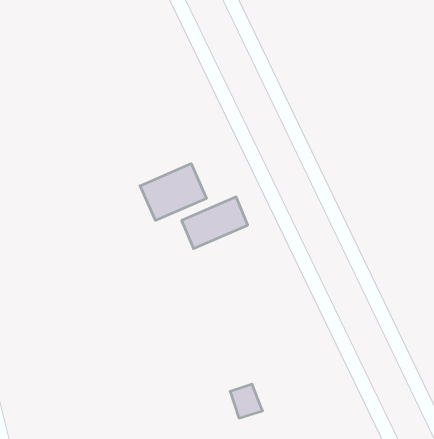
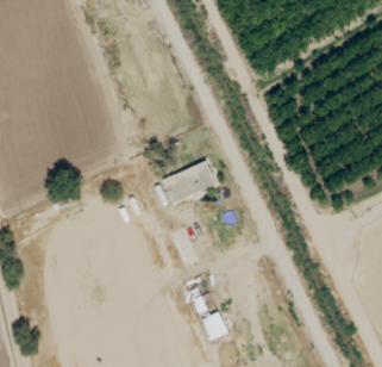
building: [140,164,206,220] -> none

